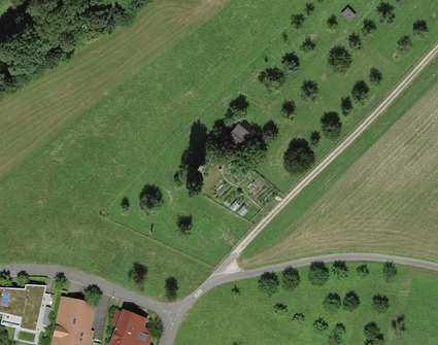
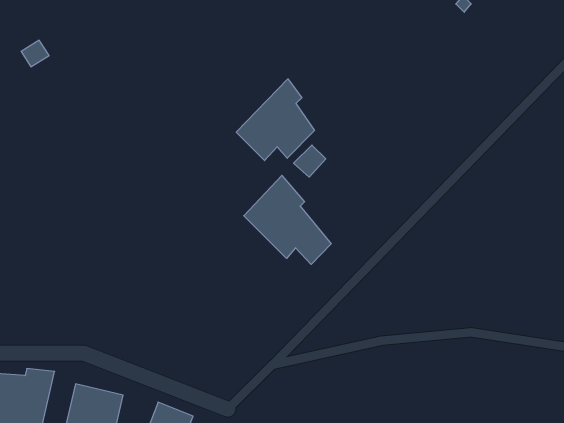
building: none -> [236,79,314,161]
building: none -> [244,175,331,264]

